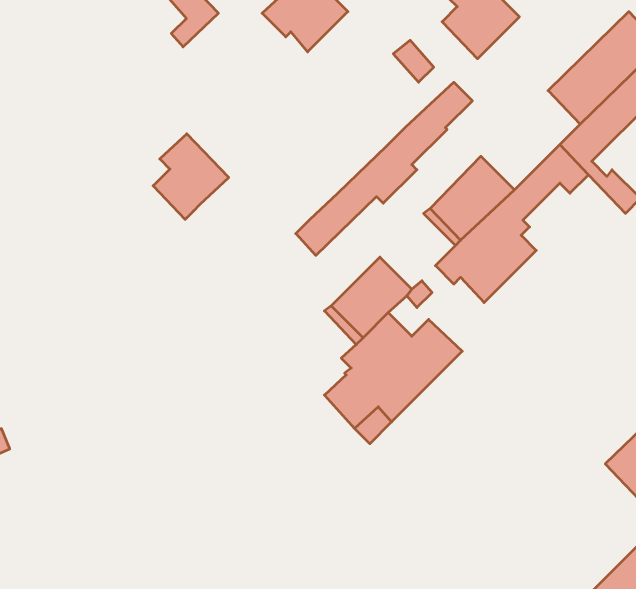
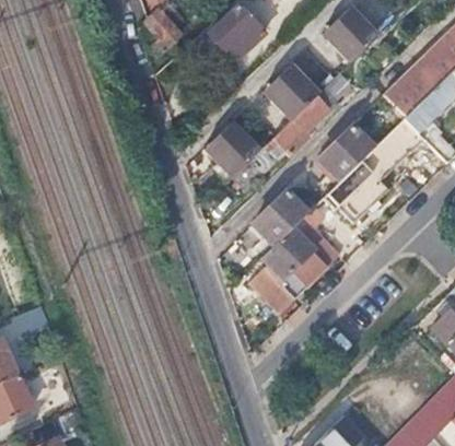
building: none -> [268,63,319,118]
building: [153,134,229,219] -> [210,120,259,176]

